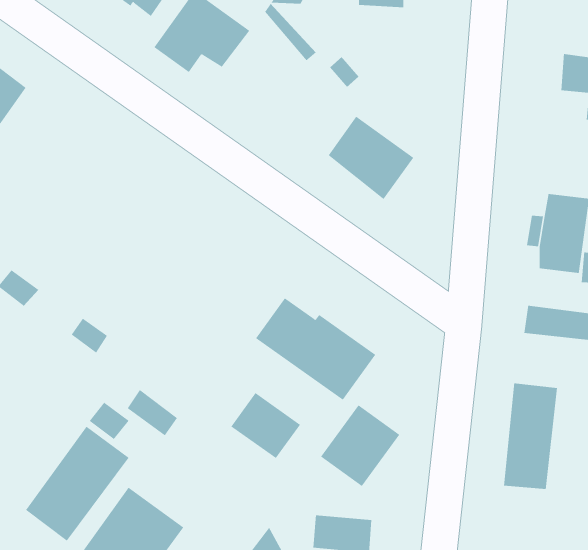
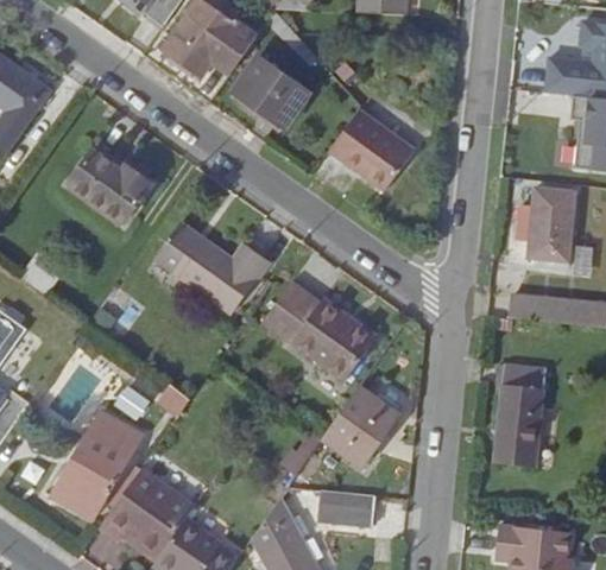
building: none -> [238,58,310,127]
building: none -> [71,150,152,218]
building: none -> [156,222,267,312]
building: [231,392,301,459] -> none

